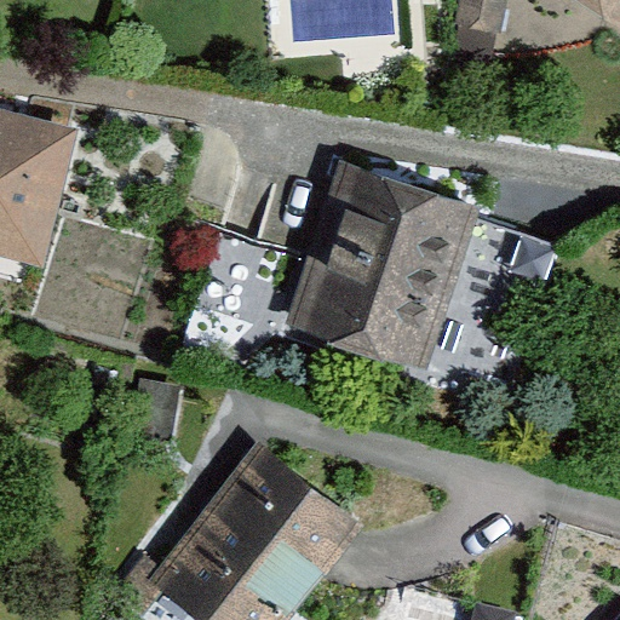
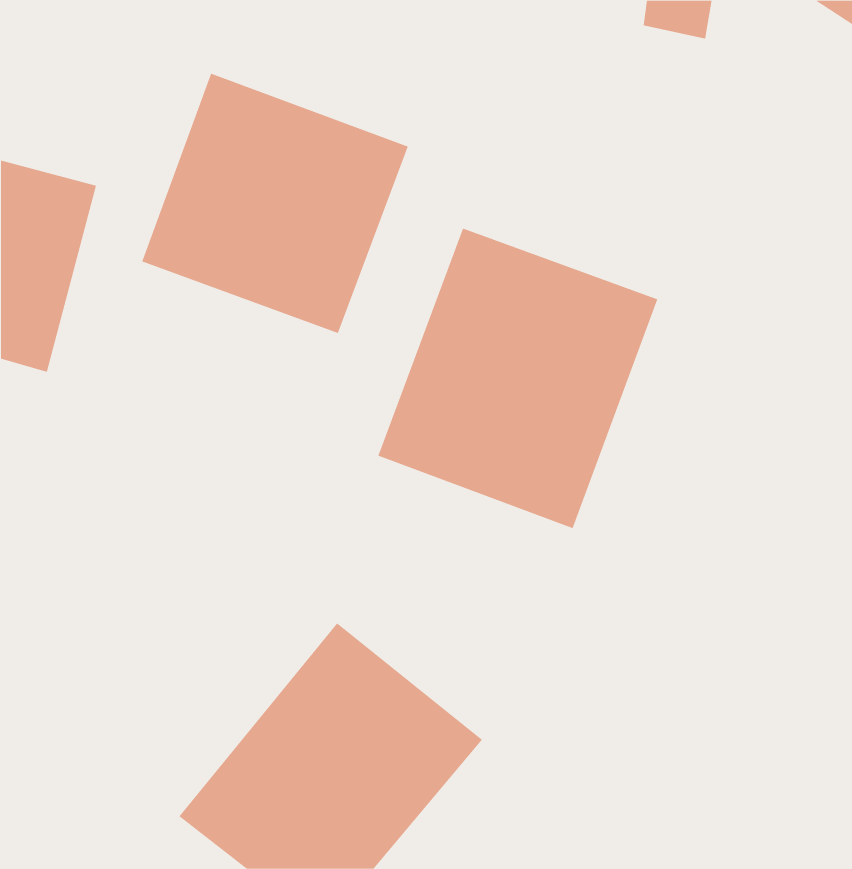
building: none -> [141,73,409,334]

